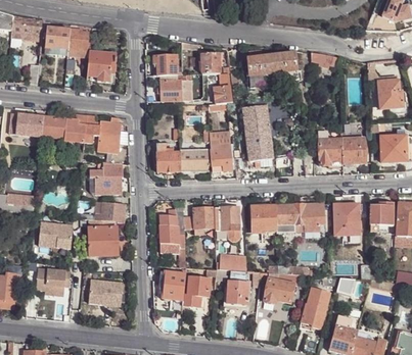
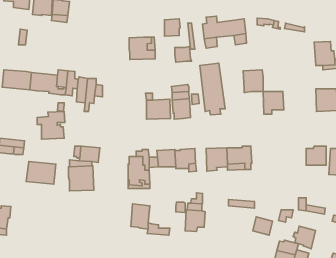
building: [87,50,116,82] -> none
building: [152,54,177,74] -> none
building: [341,137,365,163] -> [243,70,263,92]
building: [156,144,180,171] -> none
building: [90,163,123,196] -> [37,111,65,139]
building: [306,202,324,230] -> none
building: [334,203,361,235] -> none
building: [36,268,70,292] -> none
building: [186,275,210,299] -> none
building: [89,277,123,305] -> none
building: [263,277,293,303] -> none
building: [299,302,325,328] -> [293,226,316,249]

